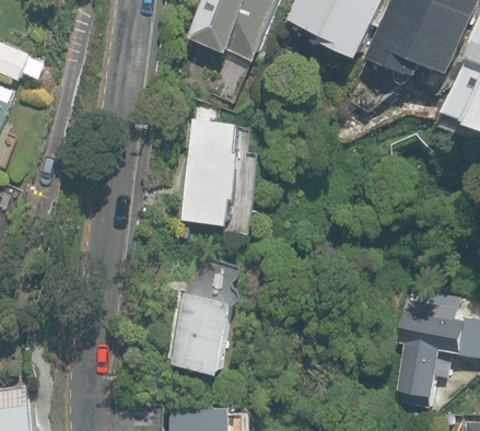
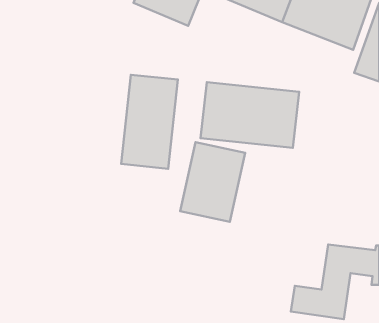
building: none -> [201,82,299,148]
building: [161,278,235,369] -> [180,142,245,222]

